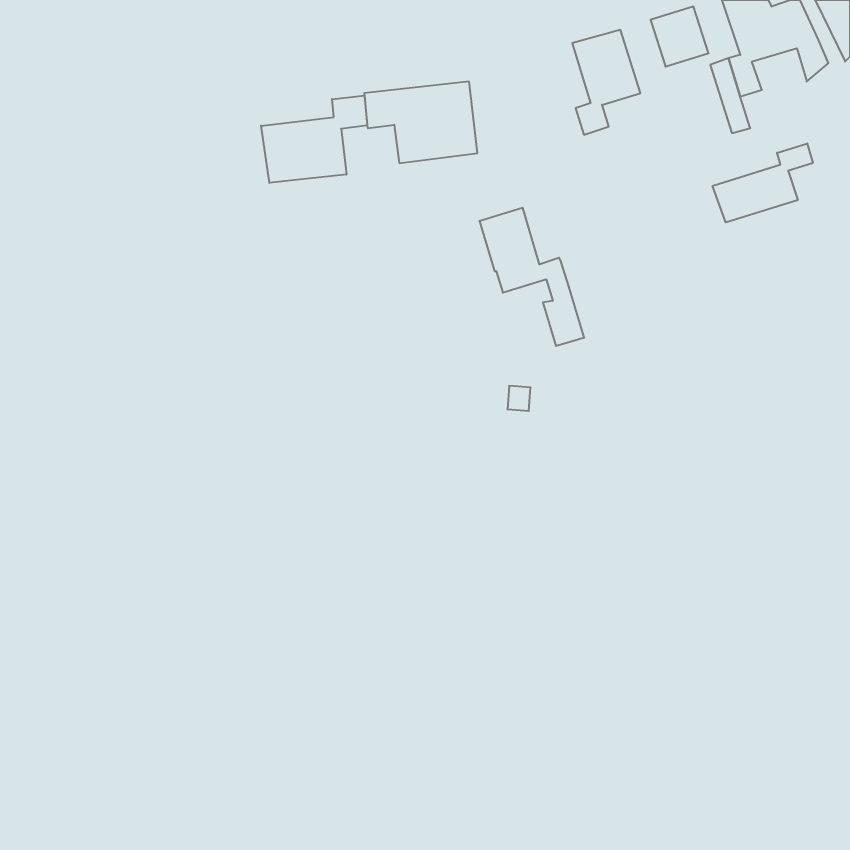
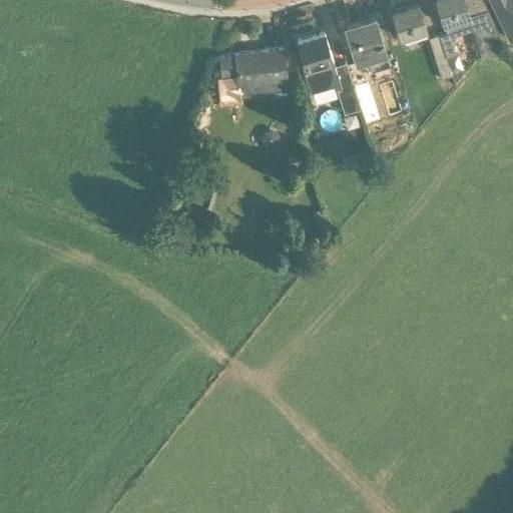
building: [261,95,367,183] -> none
building: [713,143,813,222] -> none
building: [479,208,584,346] -> [298,33,361,116]

